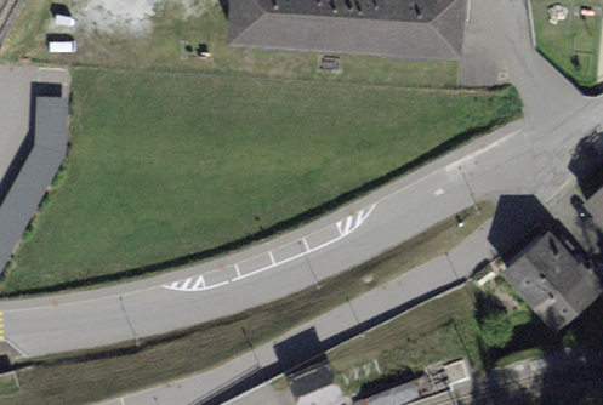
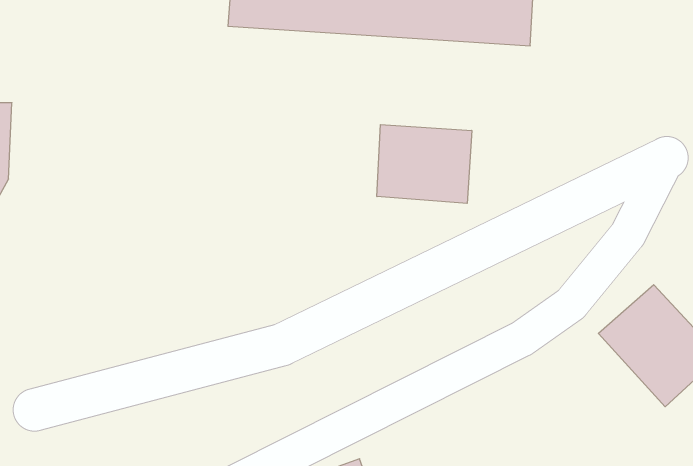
building: none -> [377,125,472,203]

